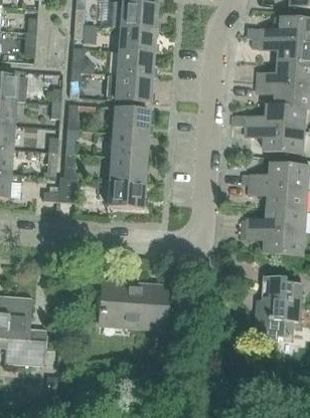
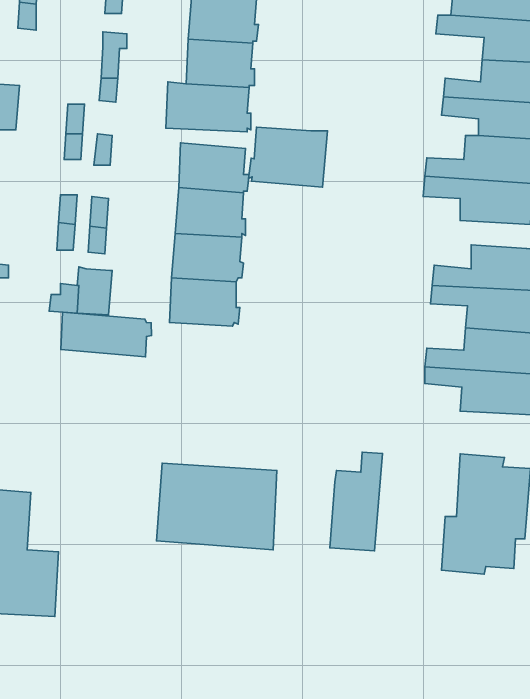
building: none -> [249,127,328,187]
building: none -> [61,312,152,357]
building: none -> [330,452,383,551]

